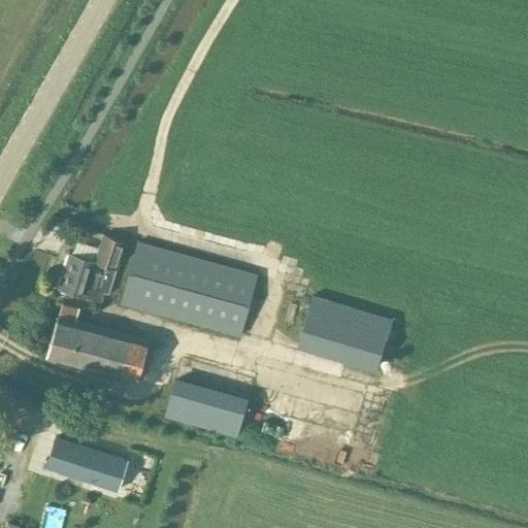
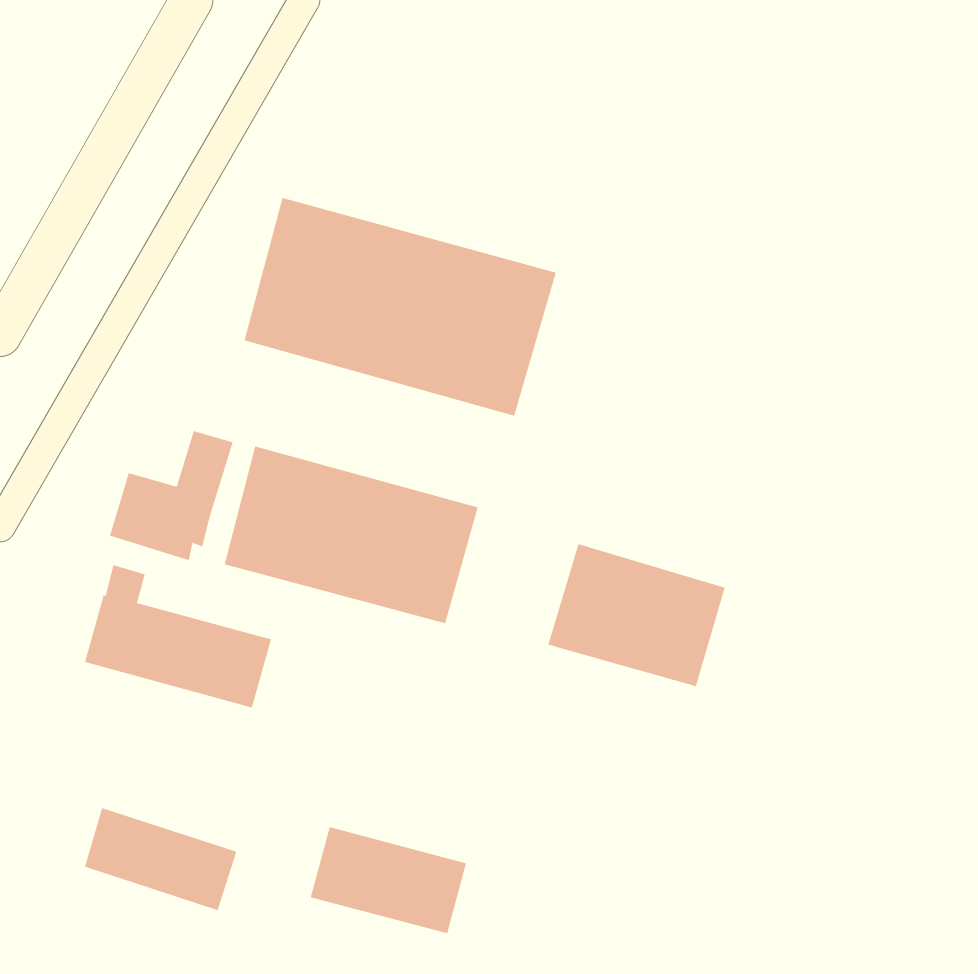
building: none -> [244,197,556,416]
building: [164,378,249,436] -> [310,827,467,934]

